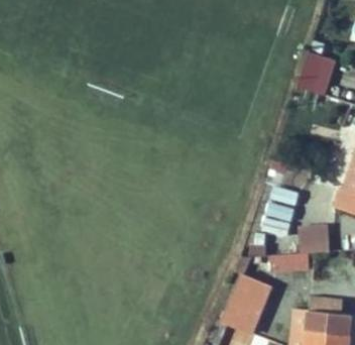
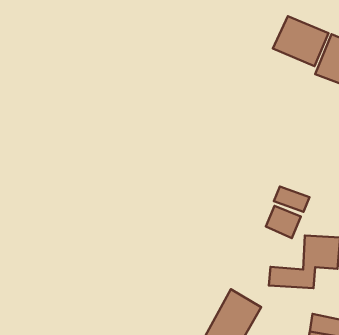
building: none -> [273,16,328,66]

